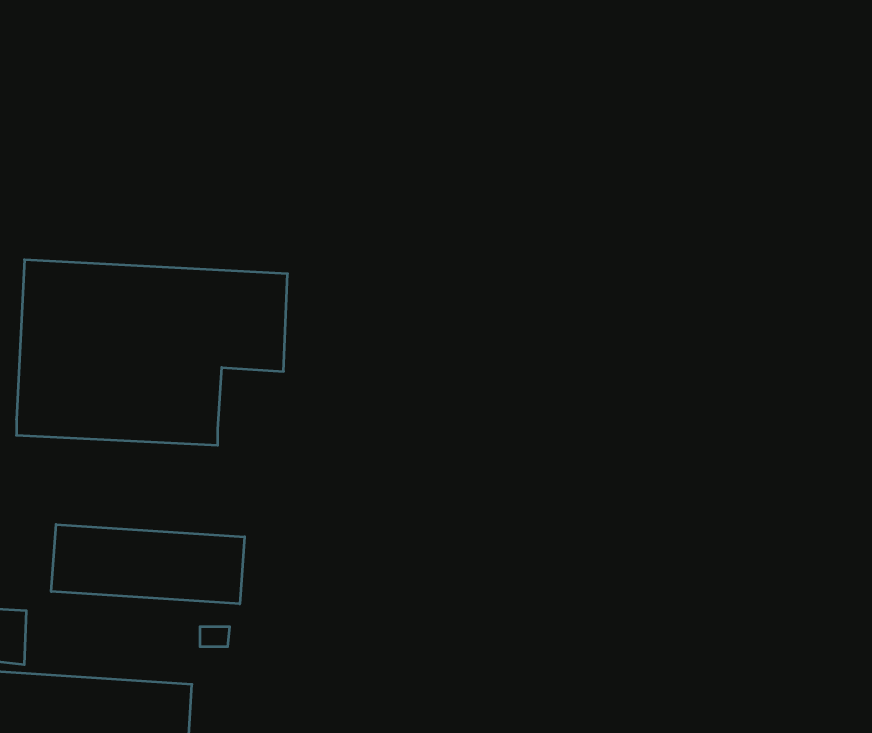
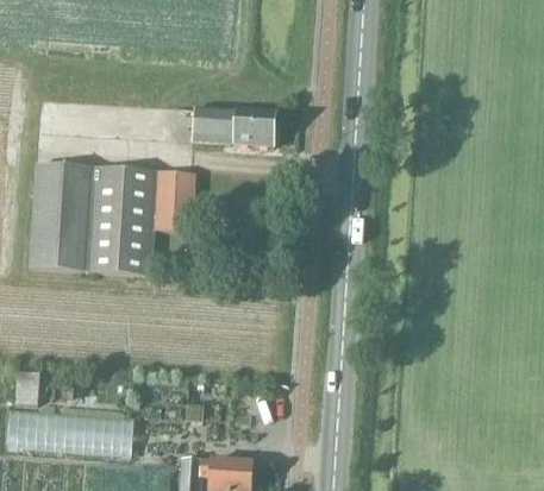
building: none -> [193,105,275,145]
building: [51,524,245,604] -> none

